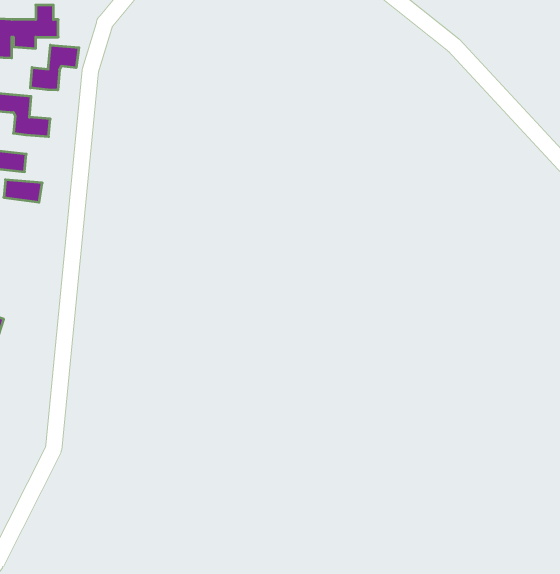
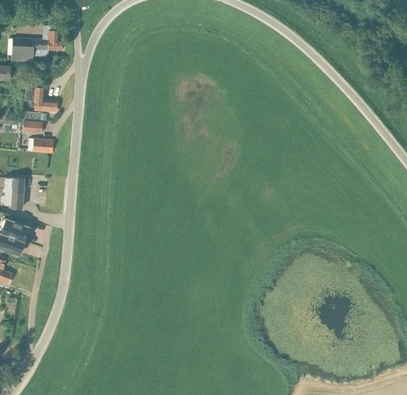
building: [30,45,79,90] -> none

